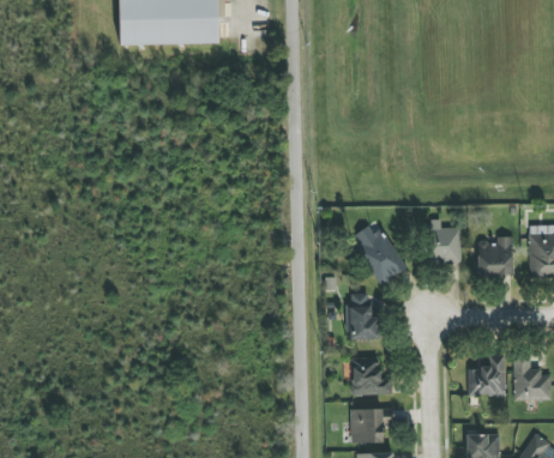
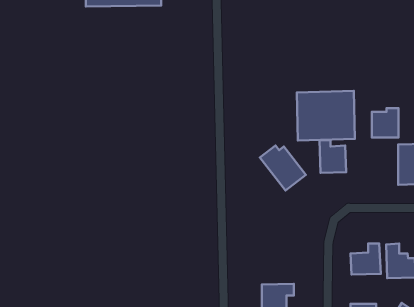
building: none -> [297,91,355,140]
building: [477,236,512,275] -> [372,108,398,137]
building: [348,293,379,339] -> none
building: [350,357,392,394] -> none

